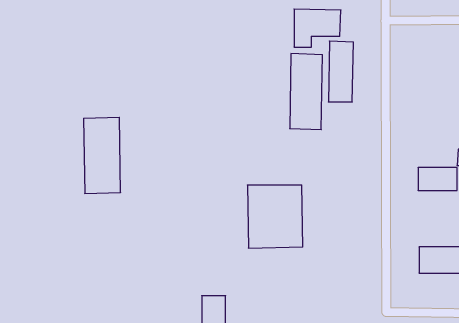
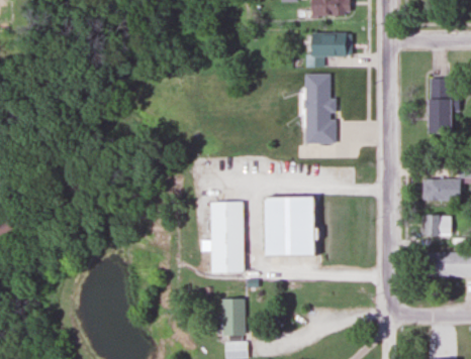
building: [328,41,353,102] -> [427,78,450,134]
building: [84,117,121,193] -> [210,200,245,270]
building: none -> [423,216,452,236]

